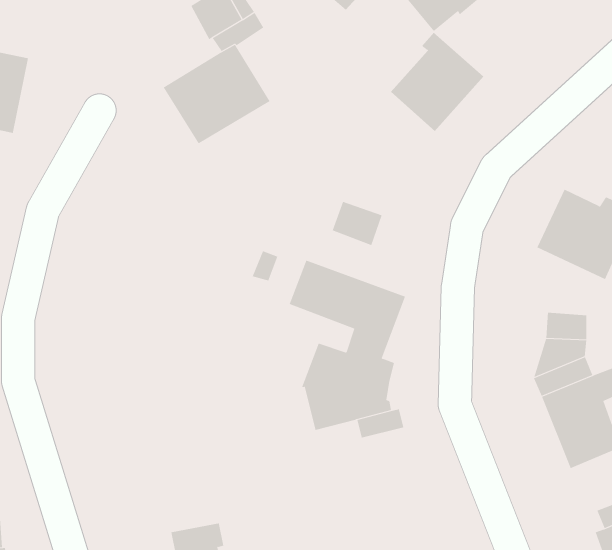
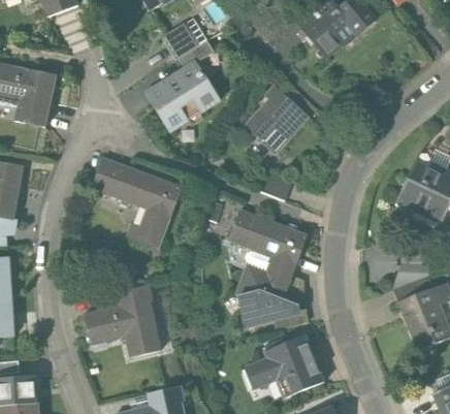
building: [390,32,484,132] -> [245,87,308,154]
building: none -> [93,159,182,251]
building: none -> [85,287,159,355]
building: none -> [245,336,321,396]

